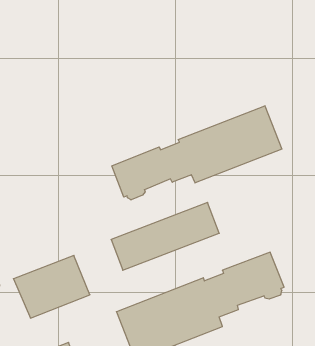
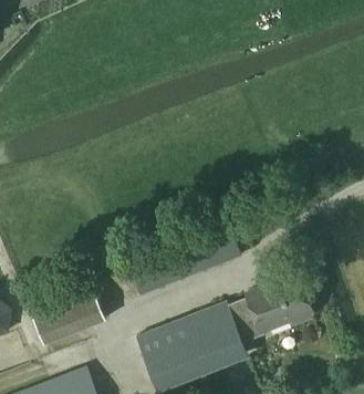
building: [112,106,282,200] -> none

